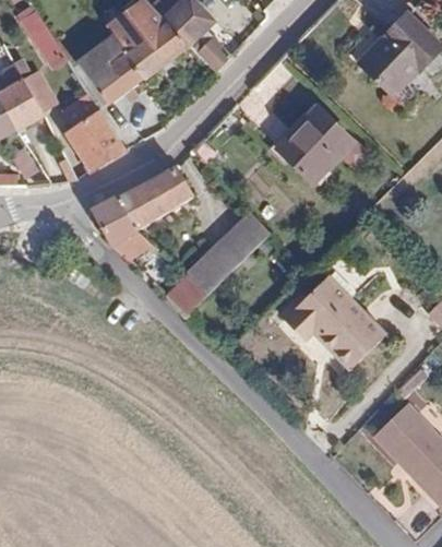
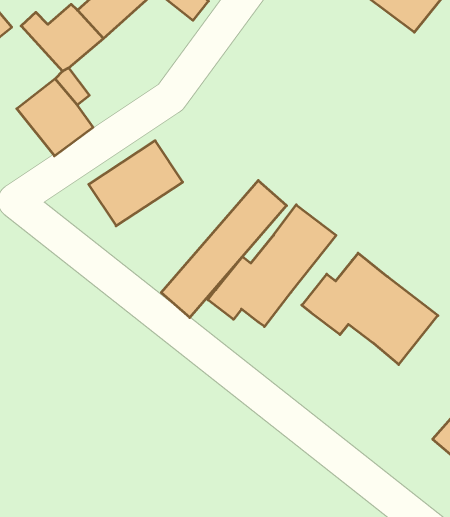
building: [278,106,355,183] -> none
building: [94,194,135,242] -> none
building: none -> [208,205,336,327]

